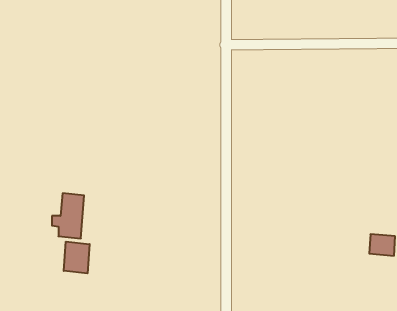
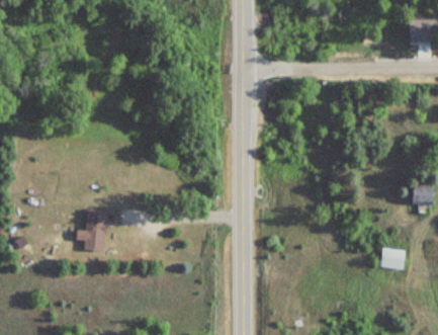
building: [64,242,90,273] -> none

